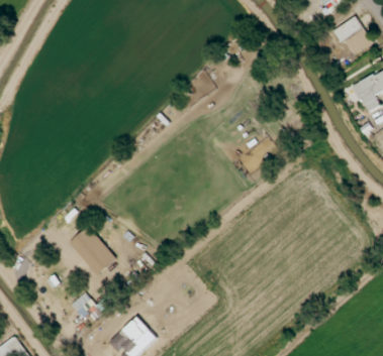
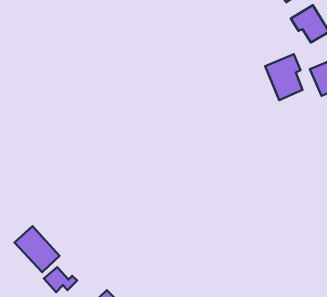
building: none -> [265,54,302,100]
building: [69,227,116,275] -> [15,226,59,272]

